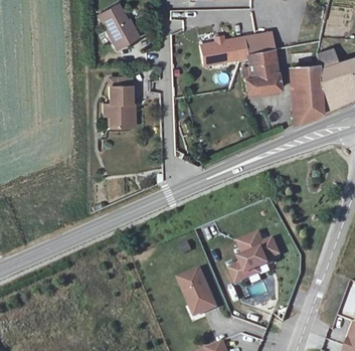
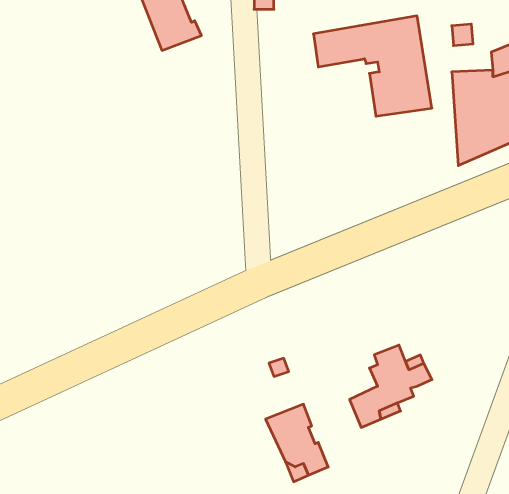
building: [106,86,129,128] -> none

